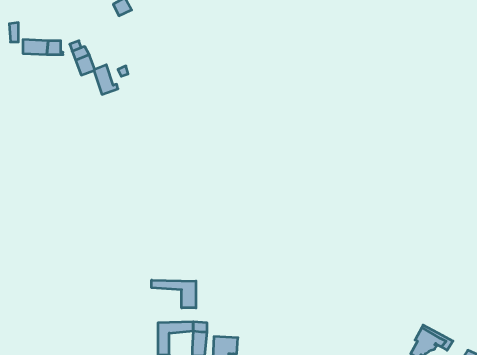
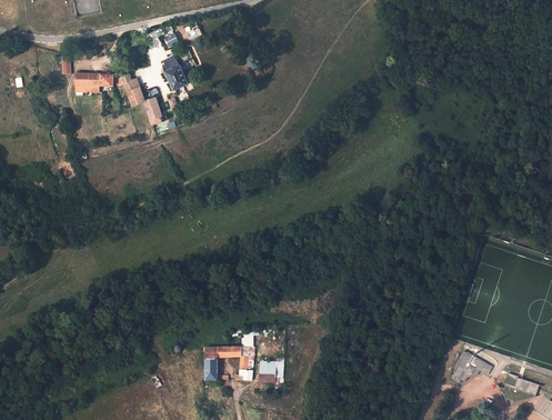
building: none -> [162,57,189,91]
building: [152,280,196,308] -> none

